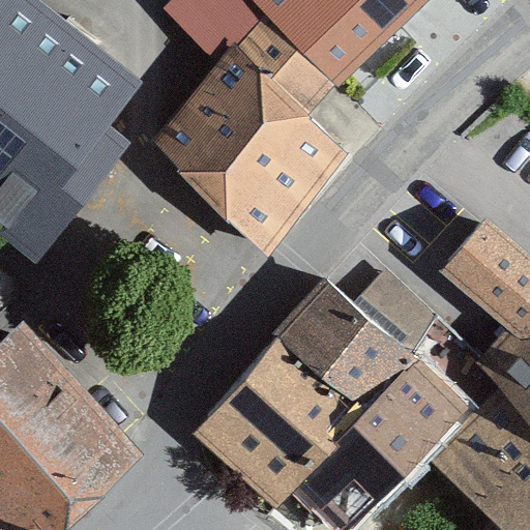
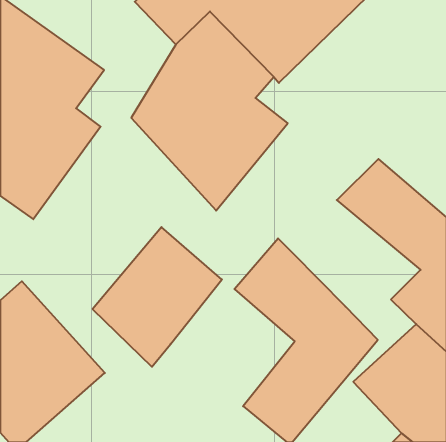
building: [348,265,439,363] -> none
building: [197,343,350,508] -> [93,227,222,367]

